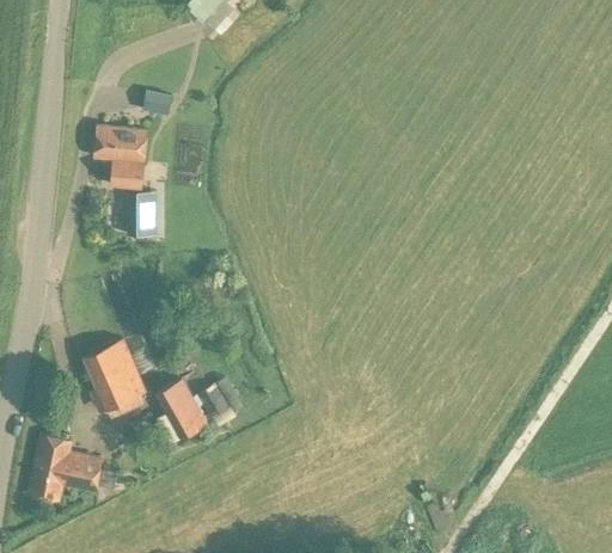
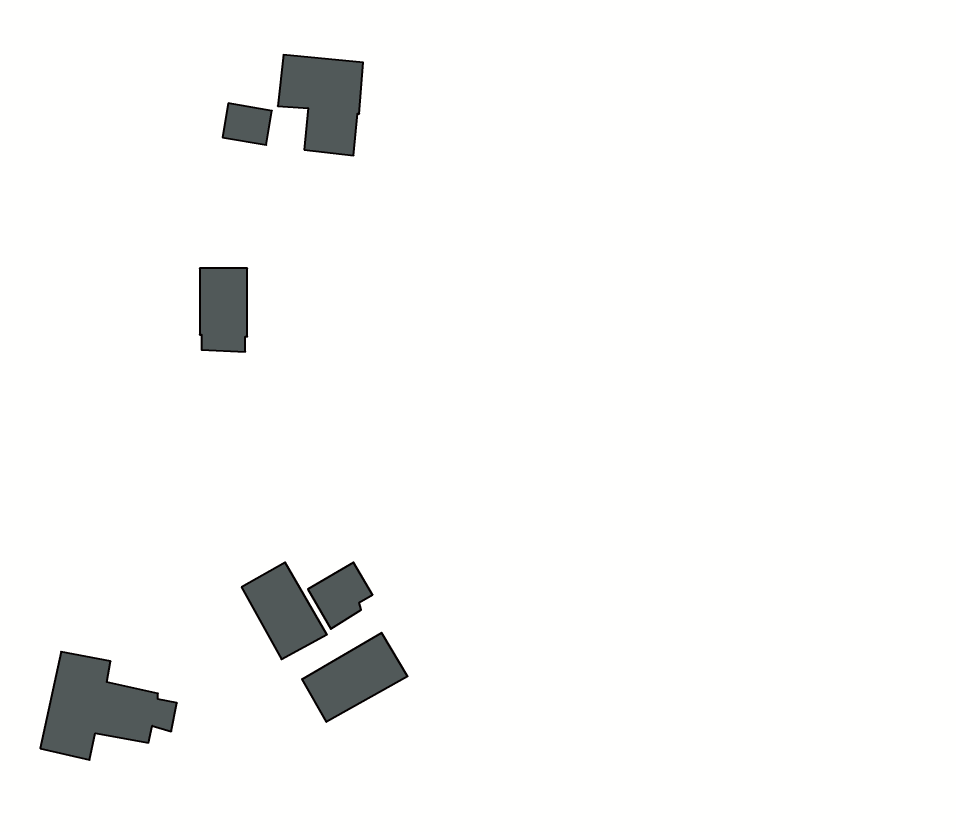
building: [94,127,148,190] -> [278,55,363,155]
building: [85,339,148,410] -> none
building: none -> [302,633,408,722]

